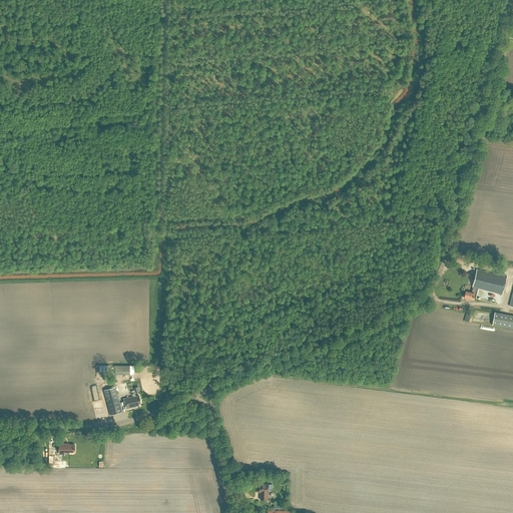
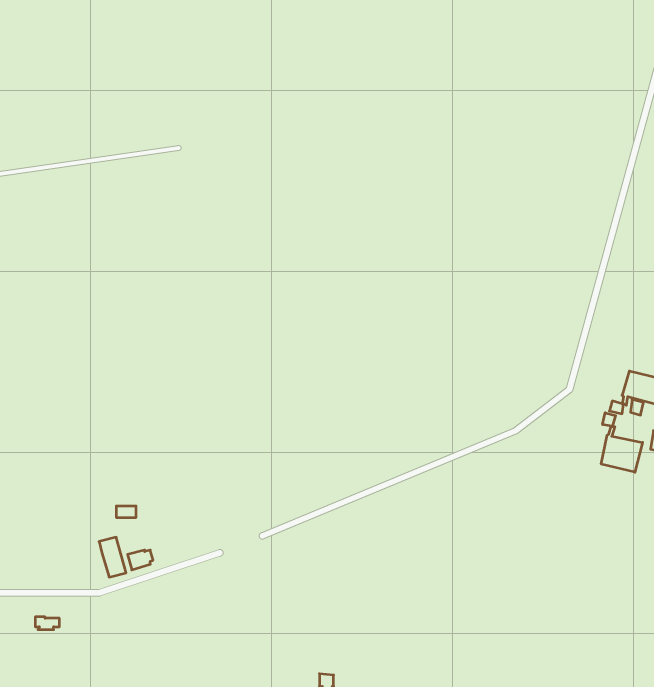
building: none -> [601,413,643,472]

